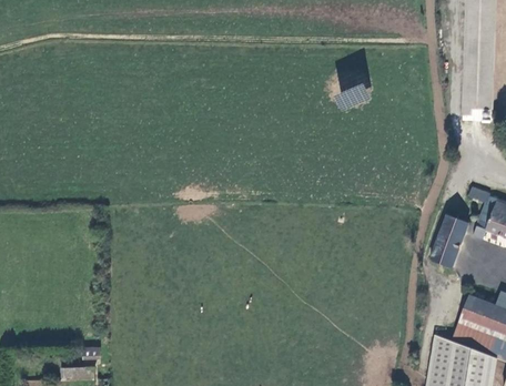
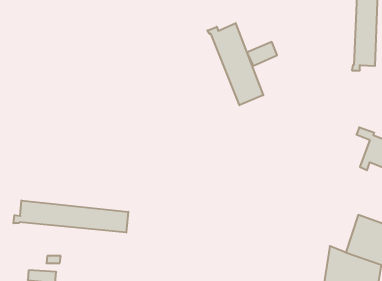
building: none -> [207,23,263,105]
building: [429,215,467,270] -> none
building: none -> [13,200,128,233]

